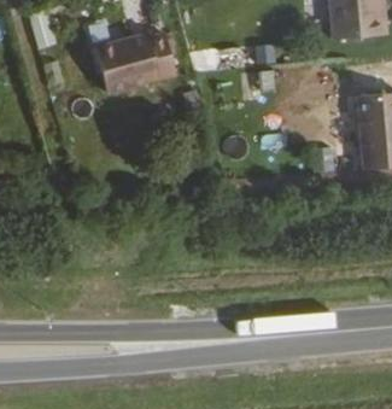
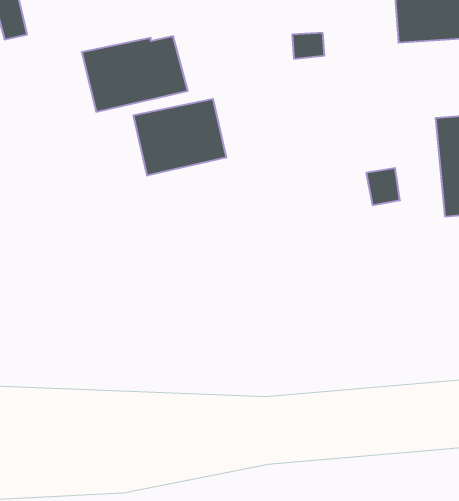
building: none -> [133,99,226,176]

